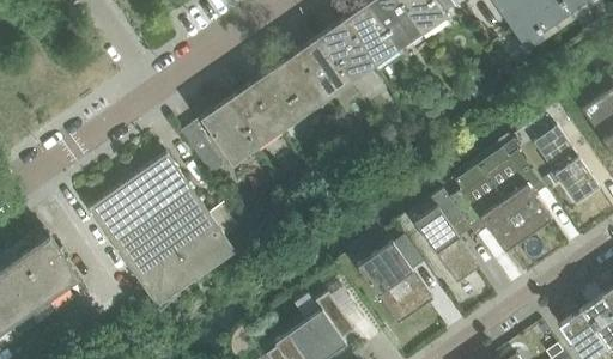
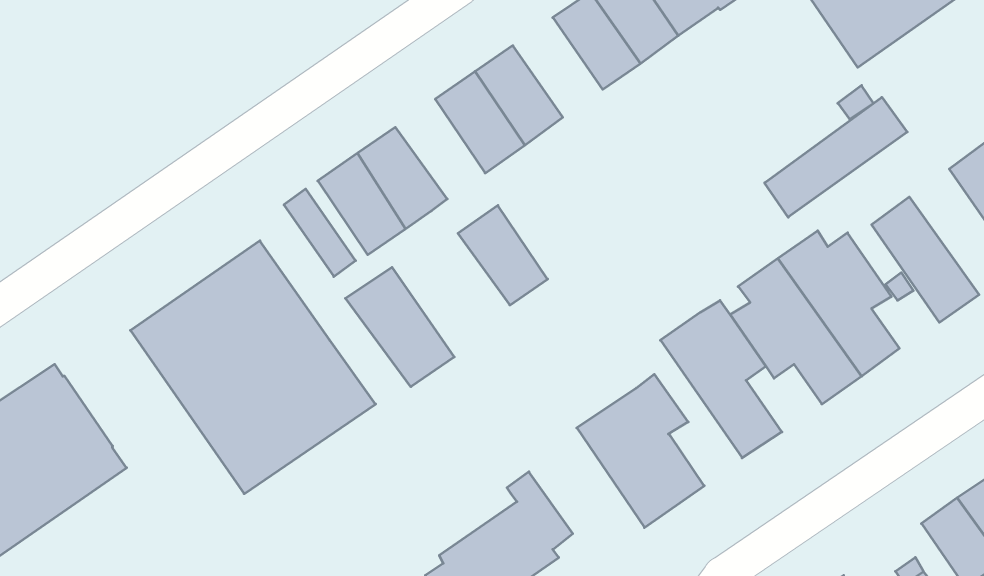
building: [317,19,371,79] -> none
building: none -> [765,97,907,217]
building: [247,68,301,128] -> [458,205,548,305]
building: none -> [345,267,454,387]

